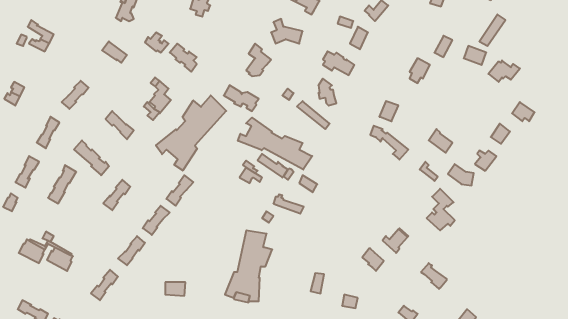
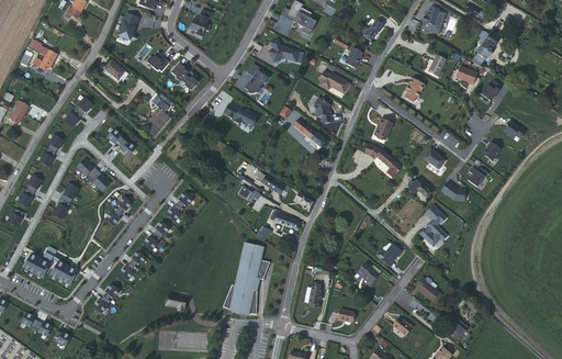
building: [156,95,226,171] -> none
building: [238,118,312,170] -> none

